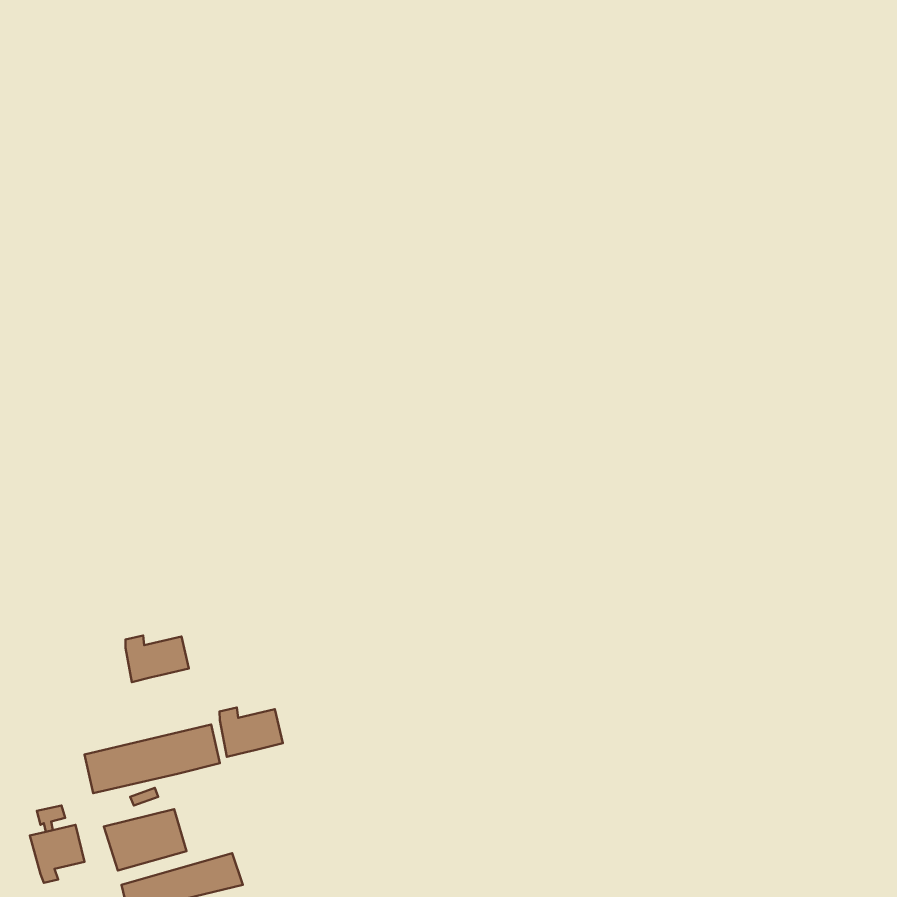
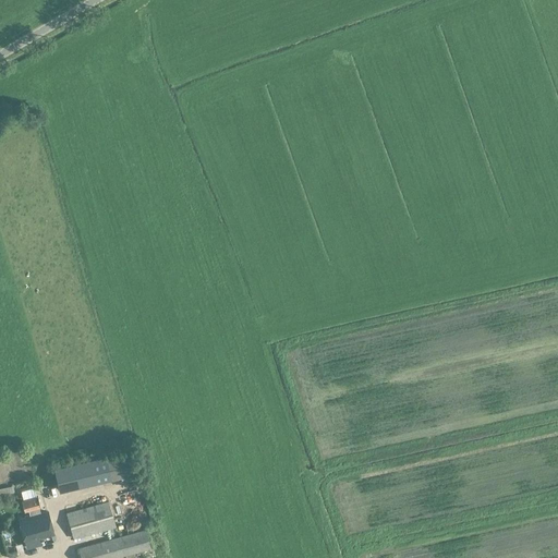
building: [125,636,189,682] -> none
building: [220,707,283,757] -> none

